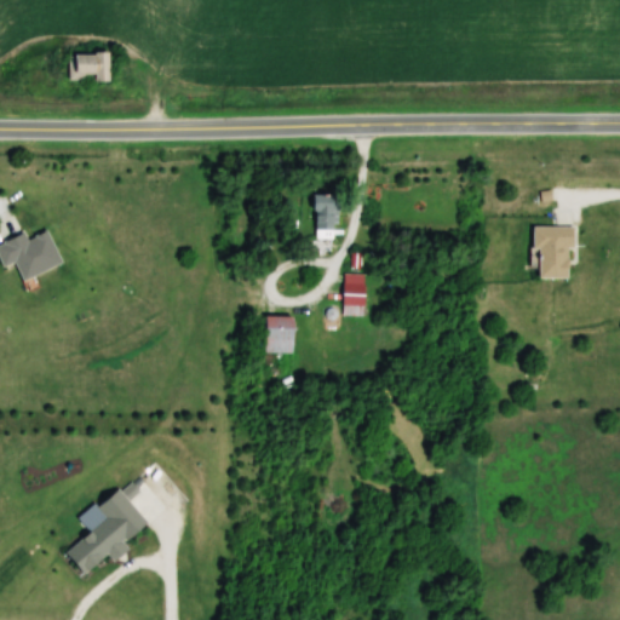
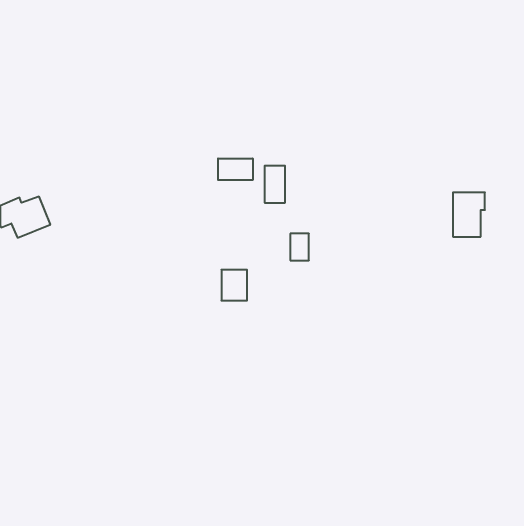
building: [68,53,113,81] -> none
building: none -> [218,158,253,180]
building: [64,489,148,575] -> none

